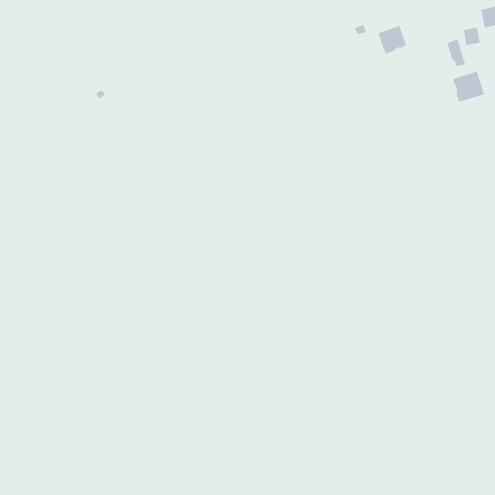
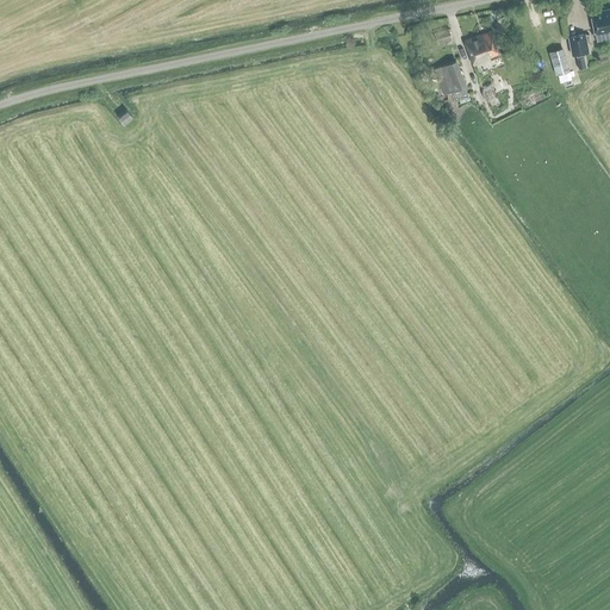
building: none -> [435,61,467,97]
building: [453,71,485,102] -> none

